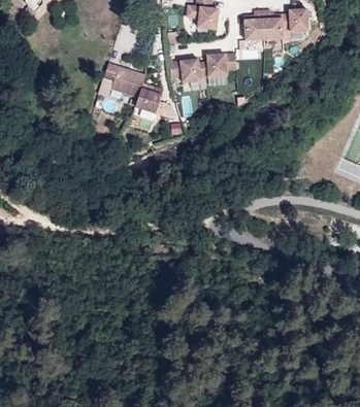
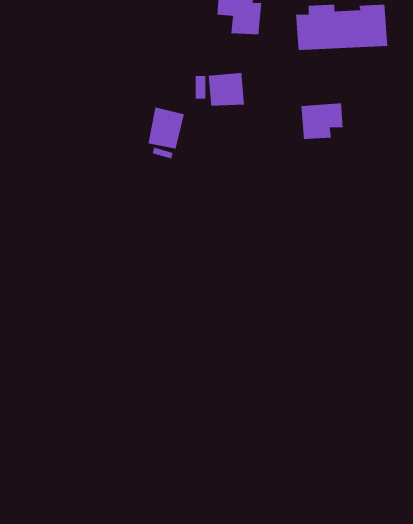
building: [209,50,240,77] -> [300,103,343,140]
building: [102,61,149,96] -> none

